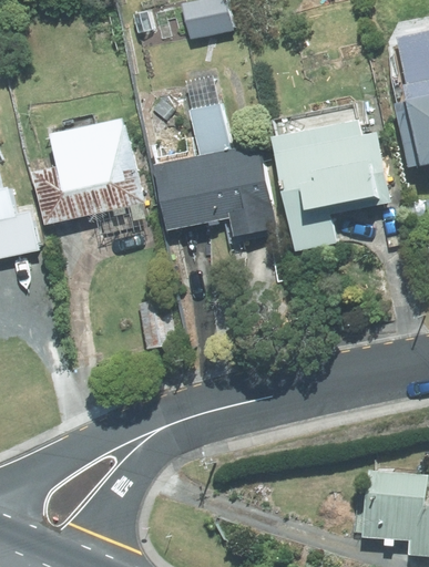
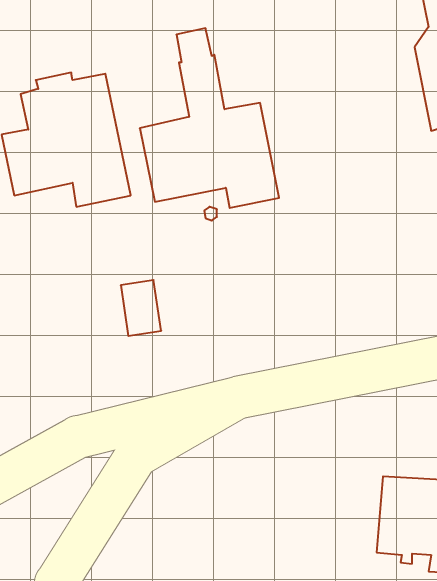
building: [272,120,389,250] -> none

